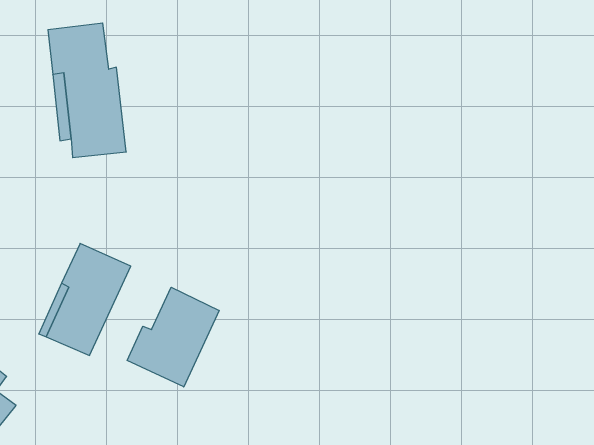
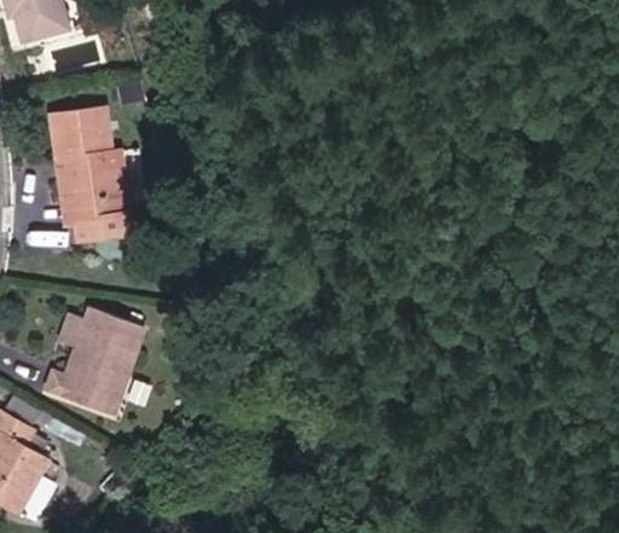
building: [127,287,219,387] -> none

